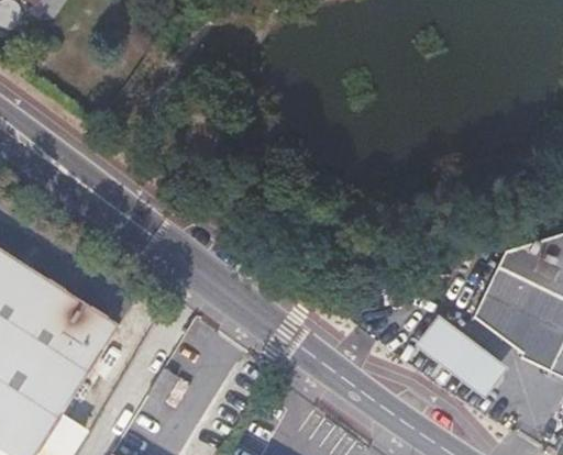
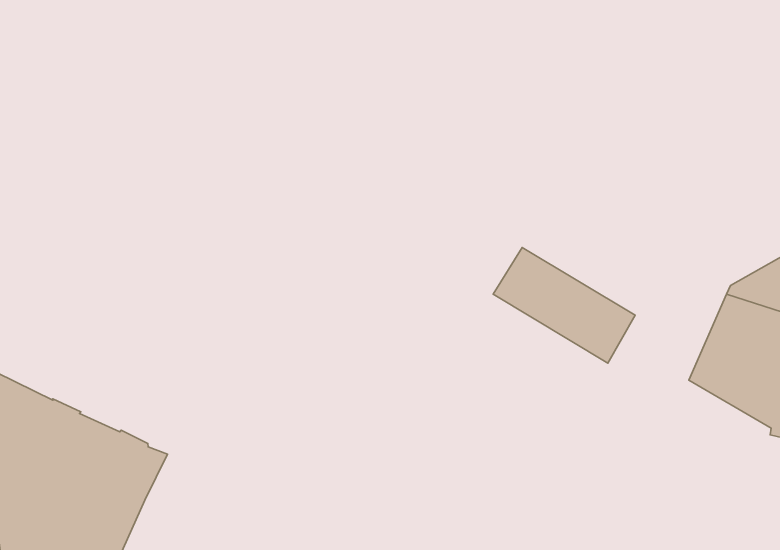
building: [413,314,506,398] -> [493,248,635,363]

